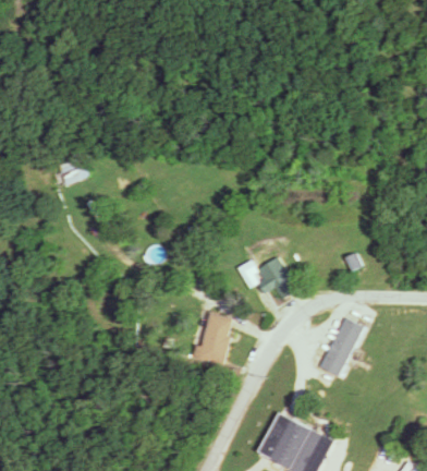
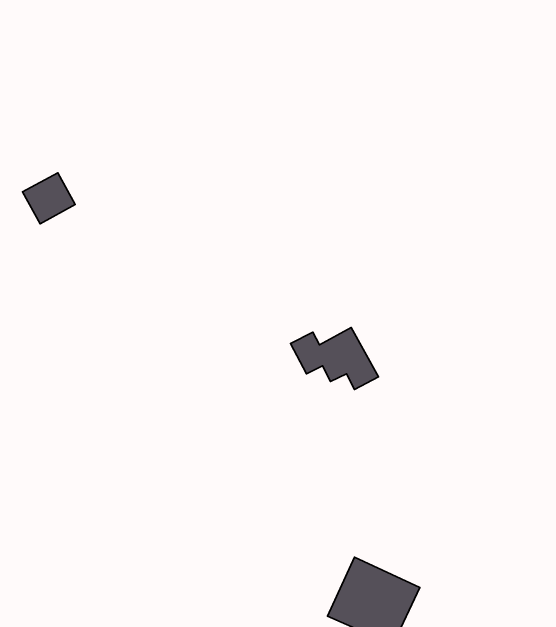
building: [197,314,233,366] -> none
building: [319,317,362,377] -> none

